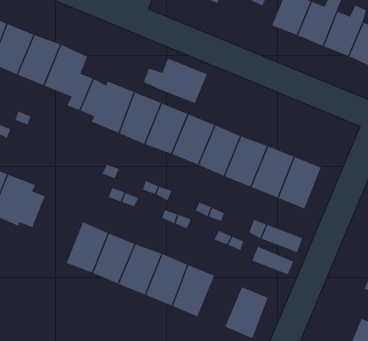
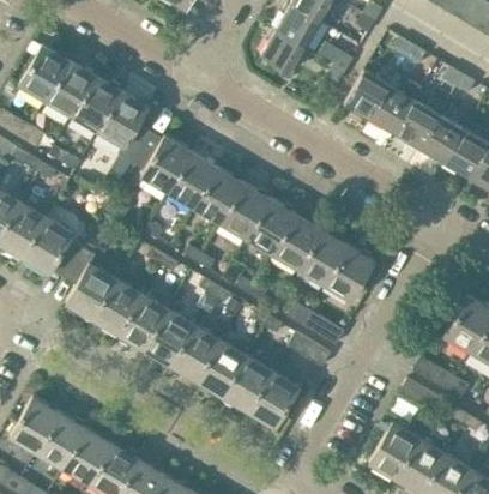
building: [143,58,208,104] -> none
building: none -> [64,247,116,320]
building: none -> [222,356,272,411]

